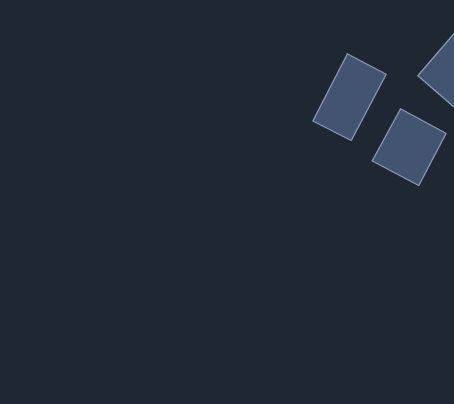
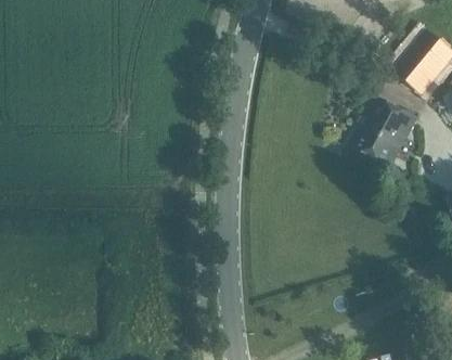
building: [313,54,386,140] -> none

